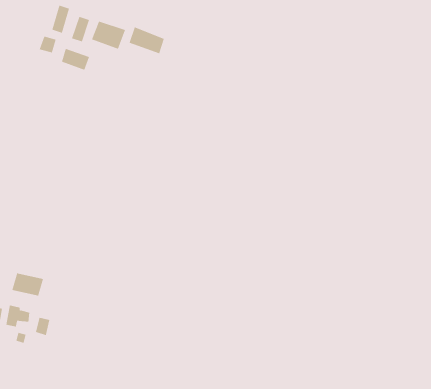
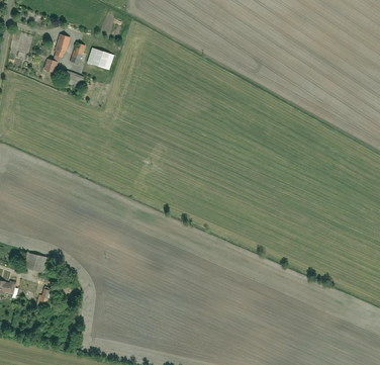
building: [129,27,164,54] -> none

